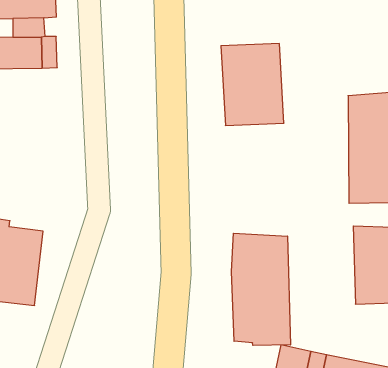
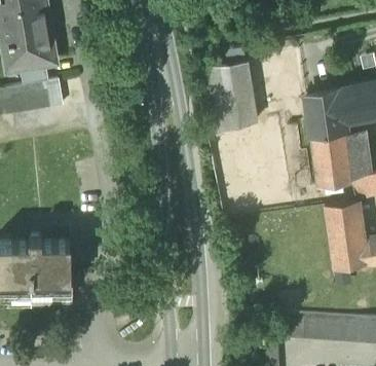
building: [231,233,290,345] -> none

